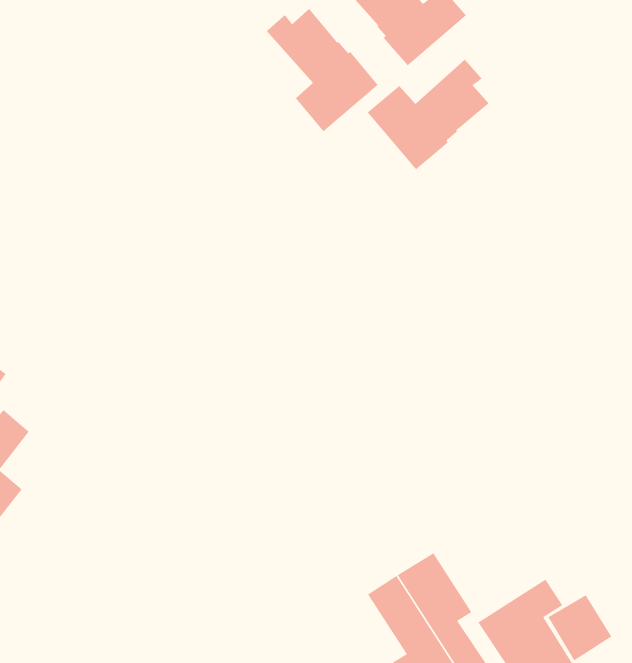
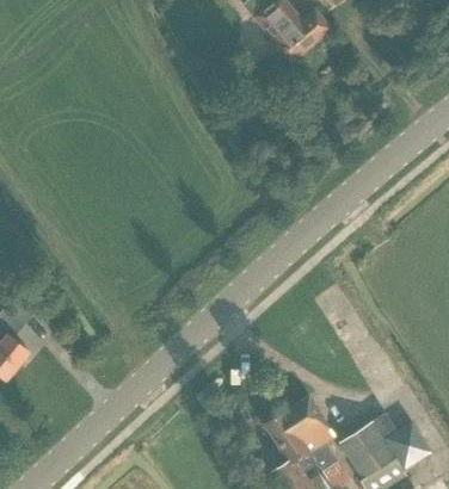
building: [266,8,379,132] -> none
building: [367,59,490,170] -> none

